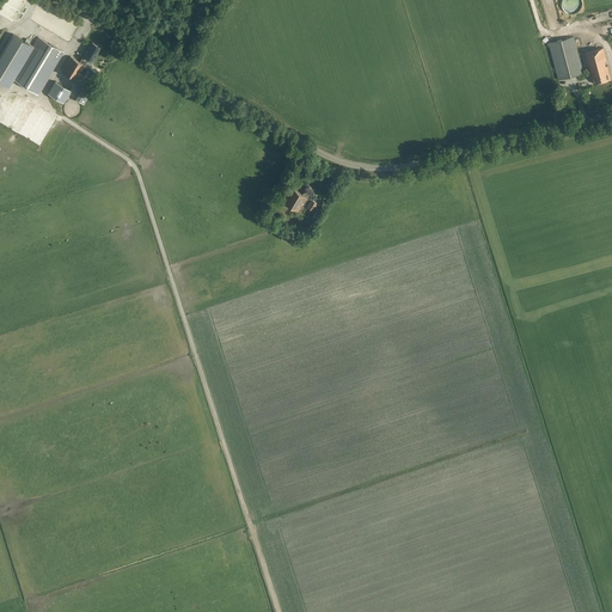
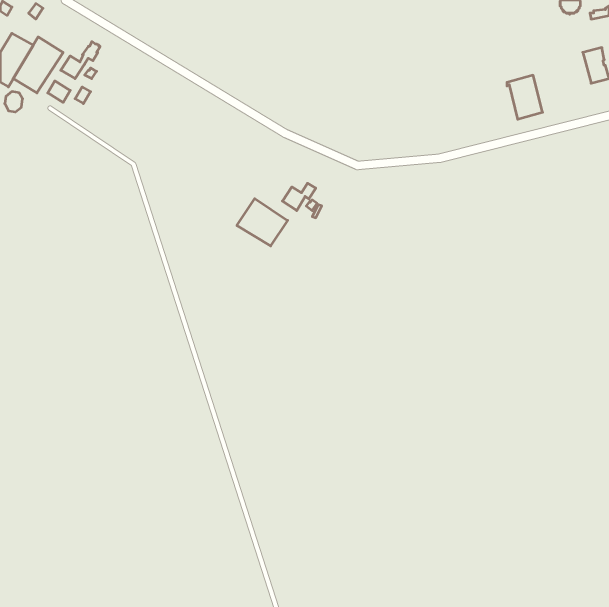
building: [547,37,583,81] -> [507,75,543,119]
building: none -> [237,199,288,246]

